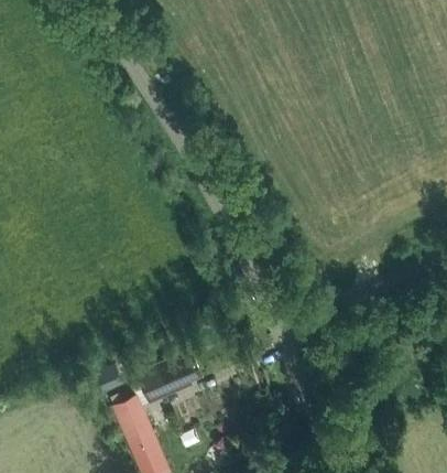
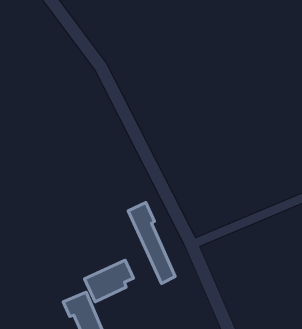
building: none -> [128,203,175,283]

